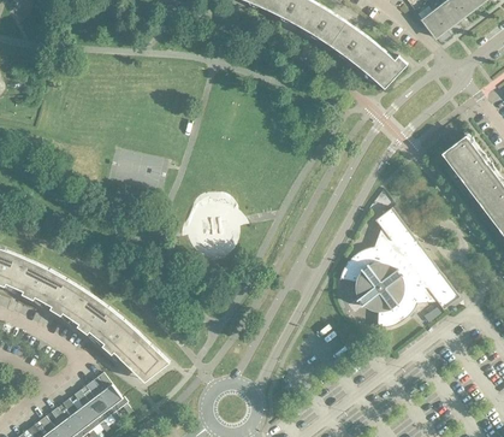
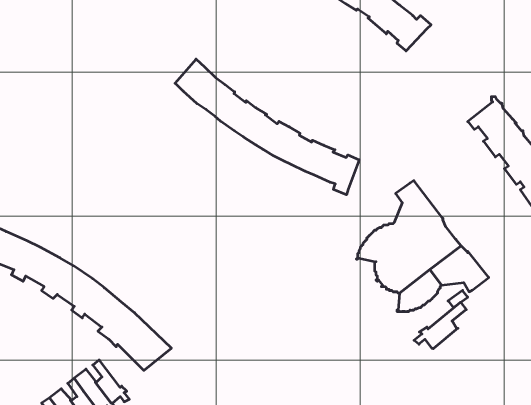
building: none -> [175,59,359,195]
building: none -> [414,302,466,349]

